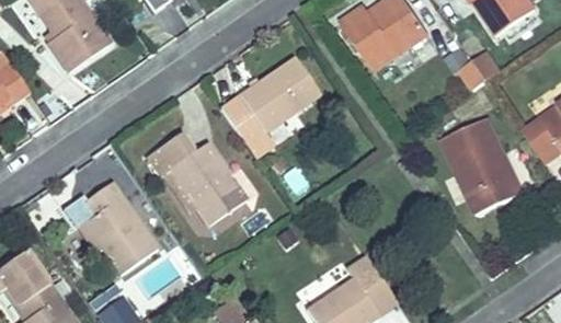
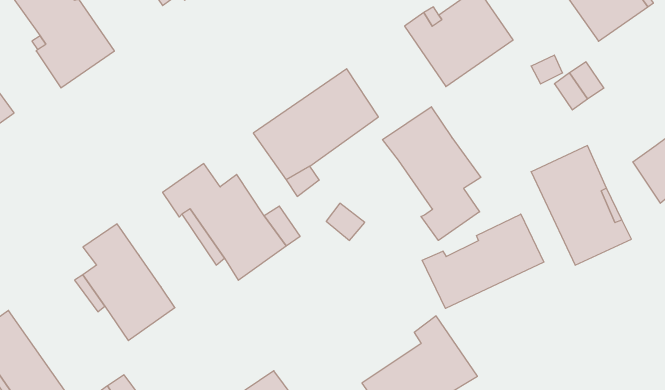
building: none -> [383,107,481,240]
building: none -> [422,214,544,308]

